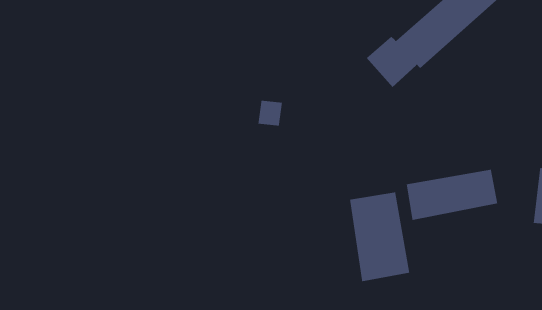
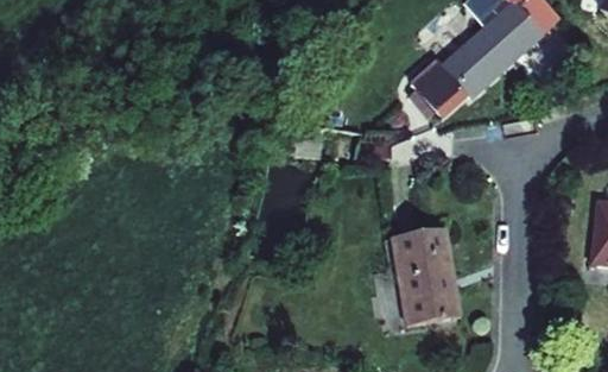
building: [406,169,498,221] -> none

